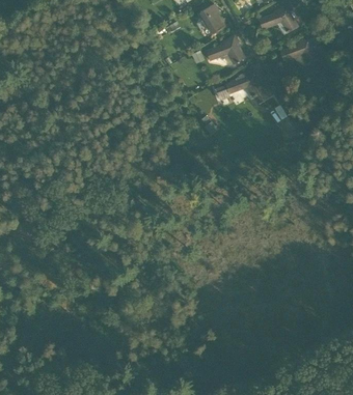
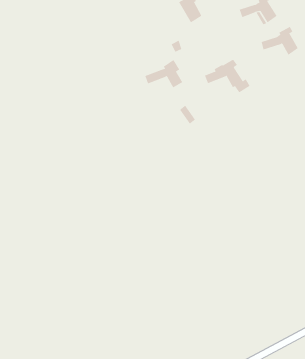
building: [206,34,244,63] -> [144,59,183,88]

